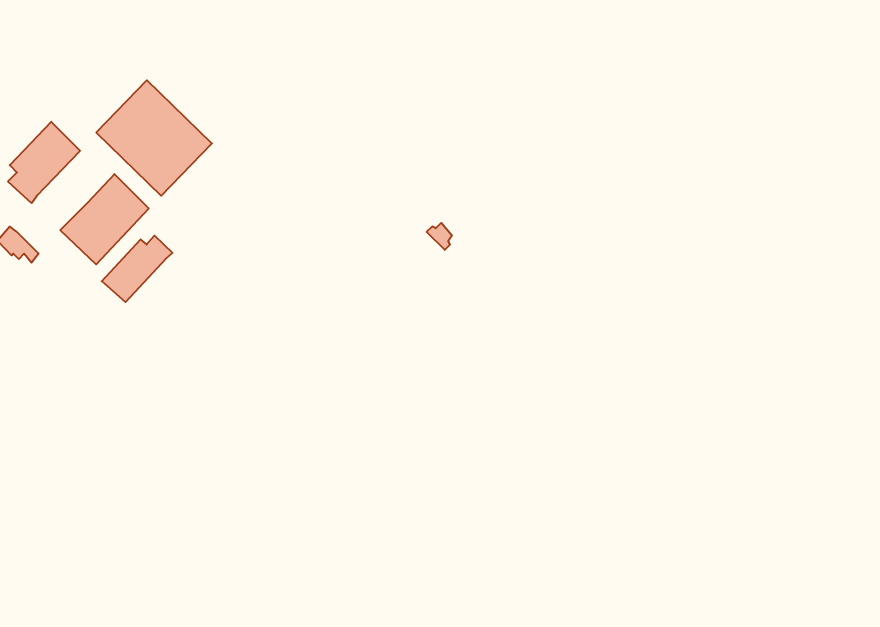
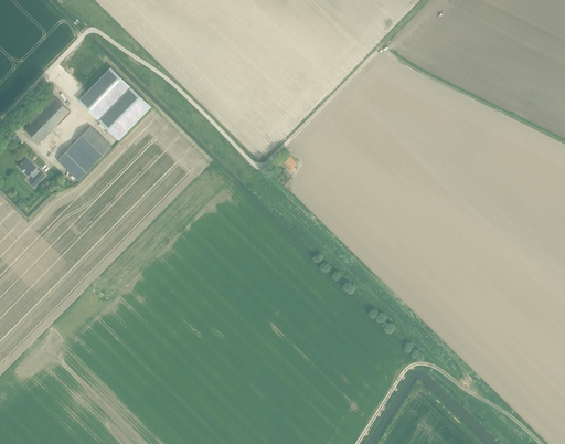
building: [102,236,172,302] -> none

